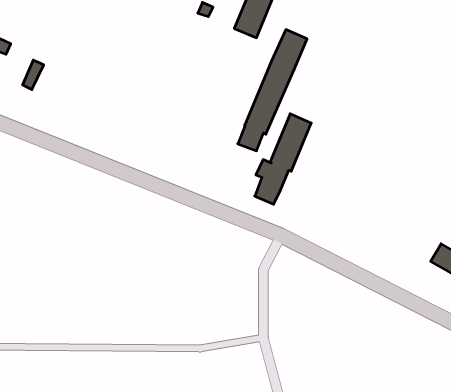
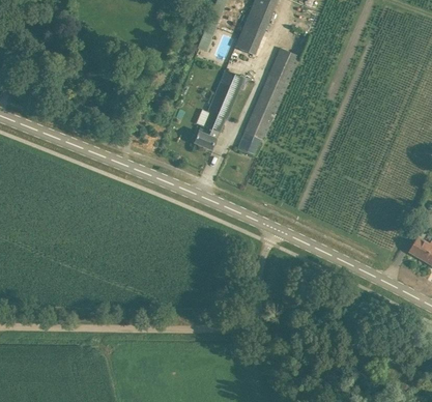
building: [255,114,311,204] -> [195,69,244,149]

